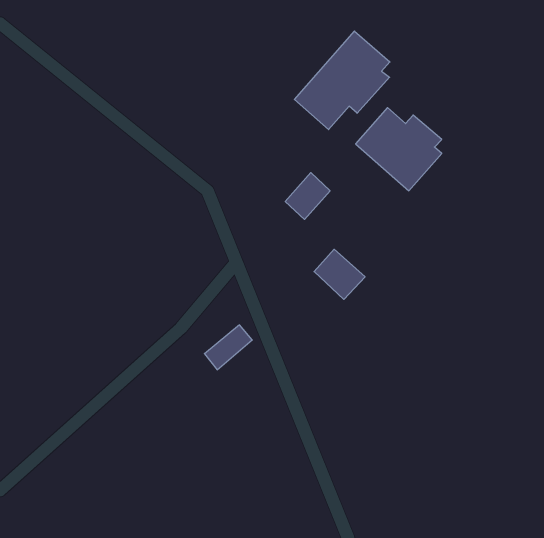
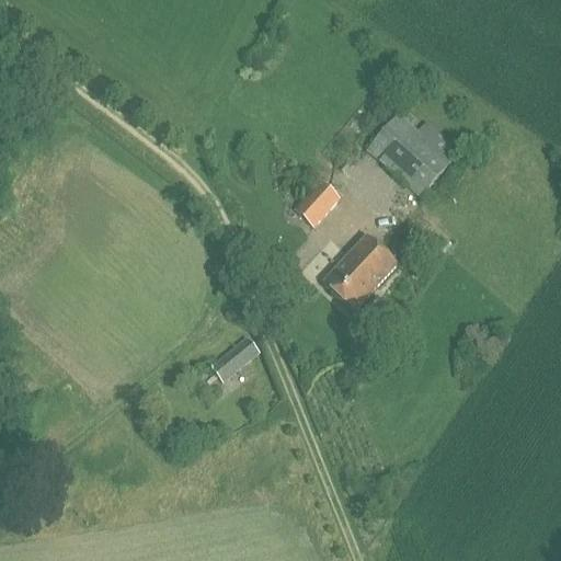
building: [294,31,390,130] -> none
building: none -> [344,232,397,285]

